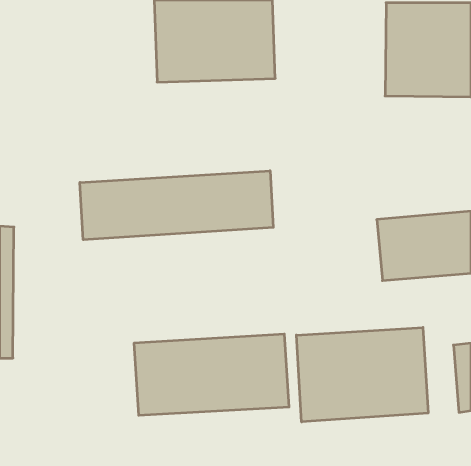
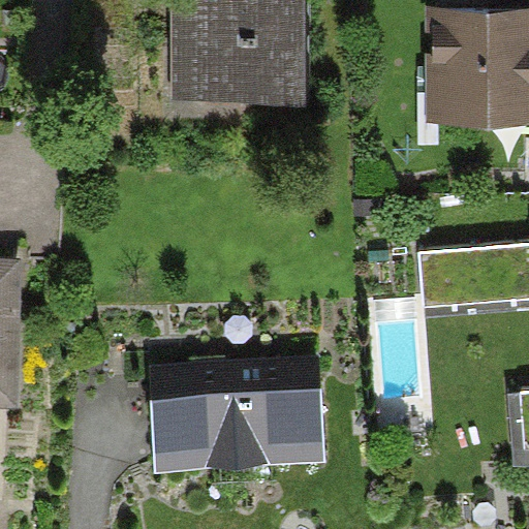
building: [80,171,273,240] -> none
building: [296,327,428,422] -> none

